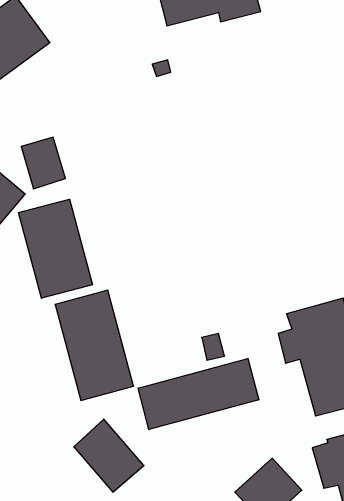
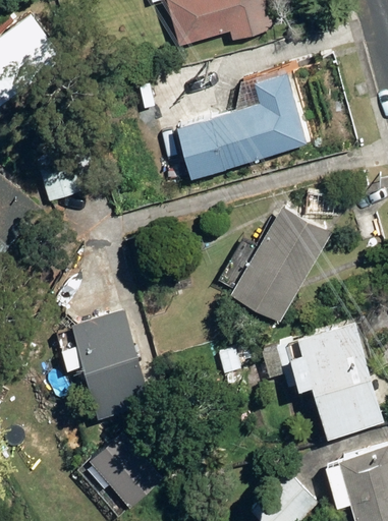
building: none -> [181,77,307,178]
building: none -> [227,201,328,319]
building: [19,199,93,298] -> none
building: [138,358,259,430] -> none

